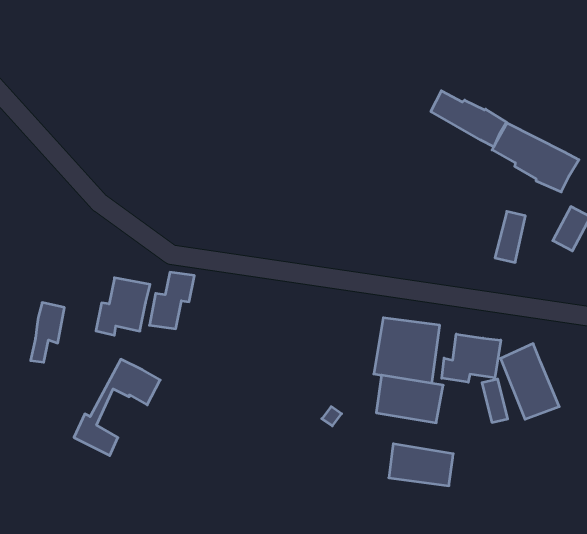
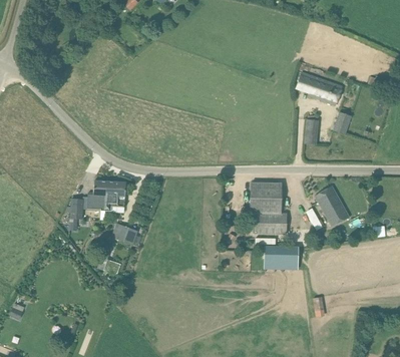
building: [431,91,507,147] -> none
building: [149,272,194,329] -> [87,181,107,210]
building: [442,334,501,382] -> none

